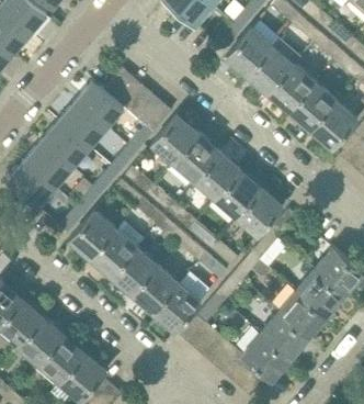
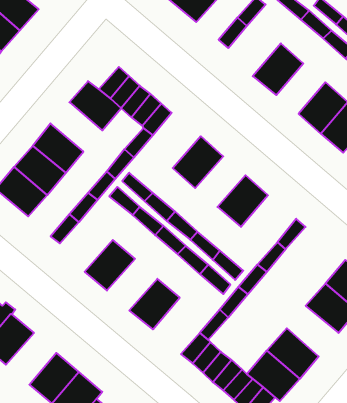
building: [226,27,273,77] -> none
building: [269,65,315,112] -> none
building: [58,101,106,147] -> none
building: [151,114,198,162] -> none
building: [193,152,240,199] -> none
building: [236,188,283,236] -> none
building: [69,211,116,259] -> none
building: [111,247,158,295] -> none
building: [153,283,201,332] -> none
building: [278,291,327,338] -> none
building: [16,316,64,364] -> none

